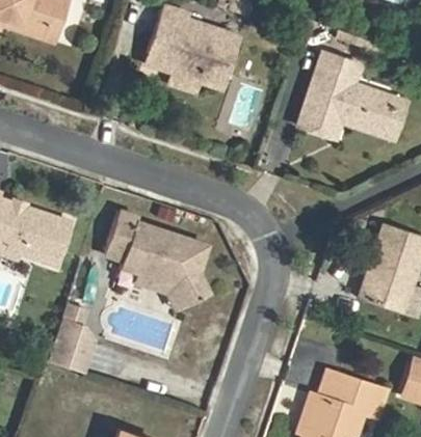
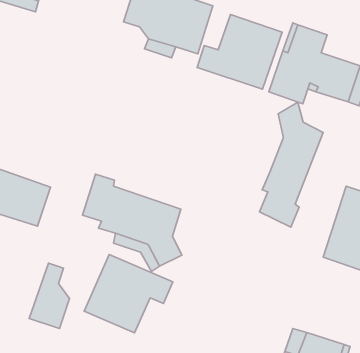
building: none -> [197,15,282,89]
building: none -> [260,102,323,227]
building: none -> [84,254,173,333]

